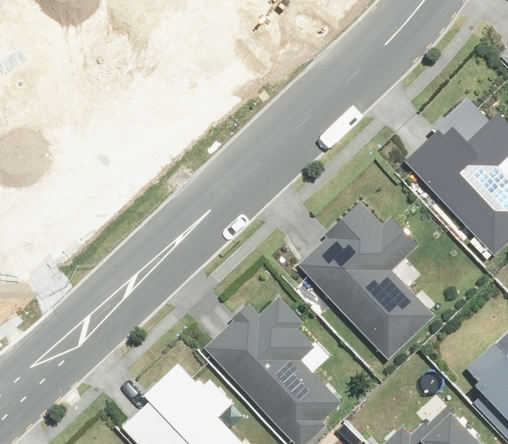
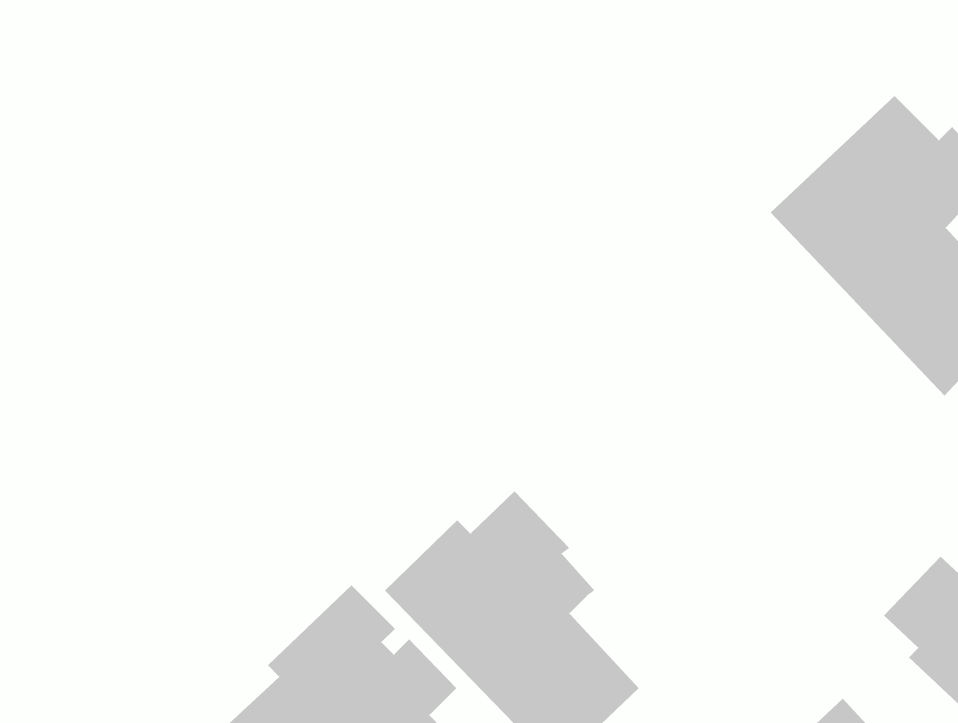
building: [295,206,432,361] -> none

